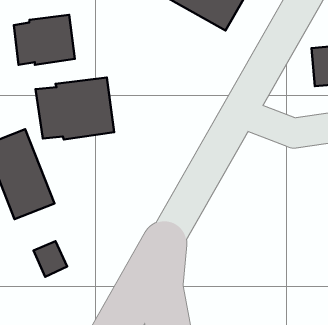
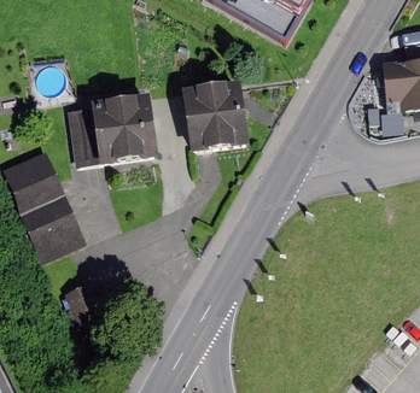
building: [14,15,75,65] -> none
building: none -> [179,81,246,153]

